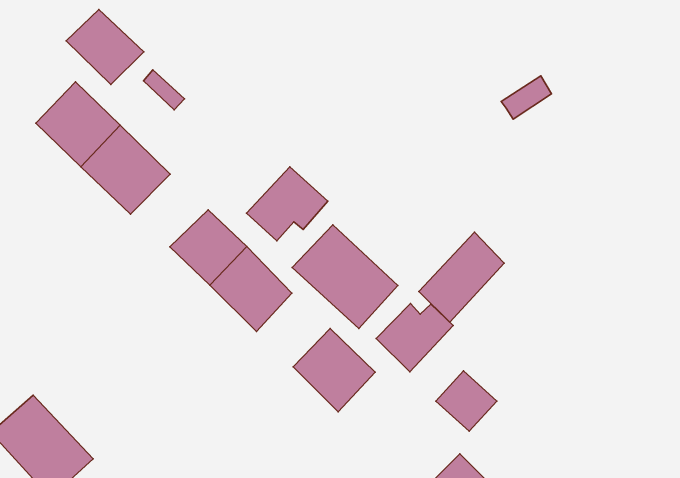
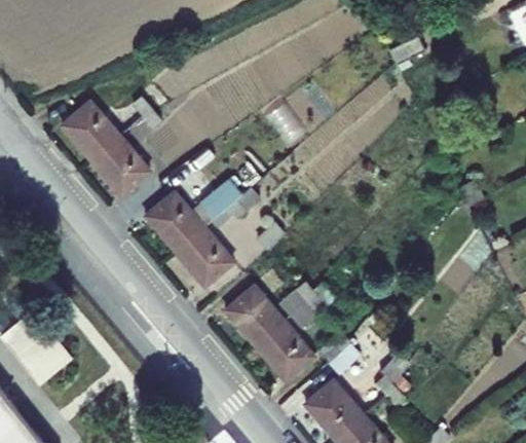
building: [66,10,144,84] -> none
building: [292,225,398,328] -> none
building: [419,232,504,322] -> none
building: none -> [253,322,310,381]

